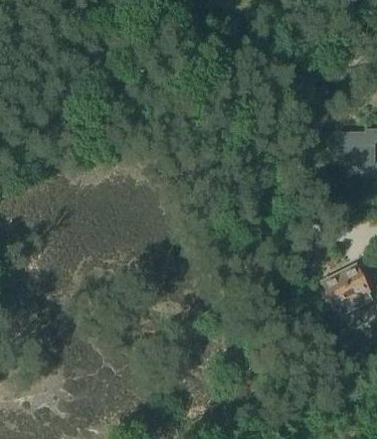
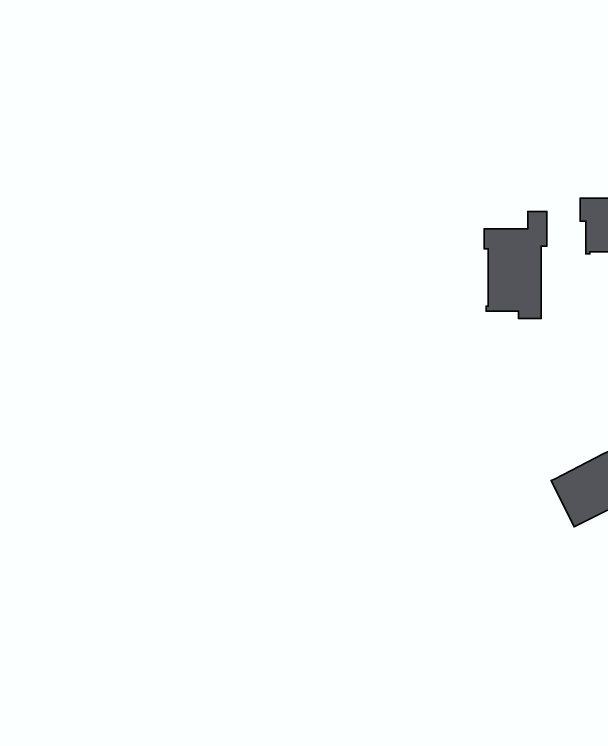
building: none -> [484,211,547,319]

